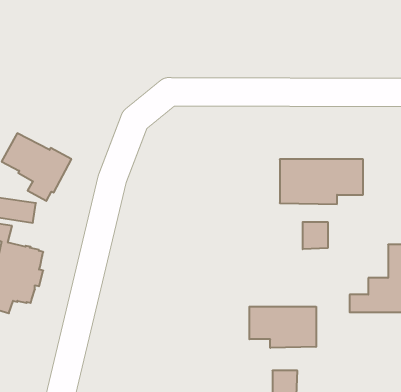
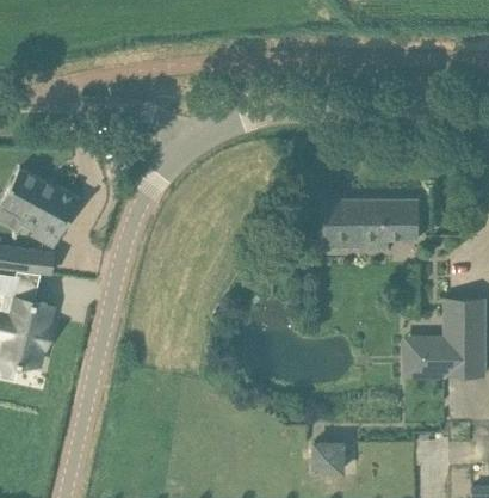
building: [303,222,328,249] -> none
building: [249,307,316,348] -> none

